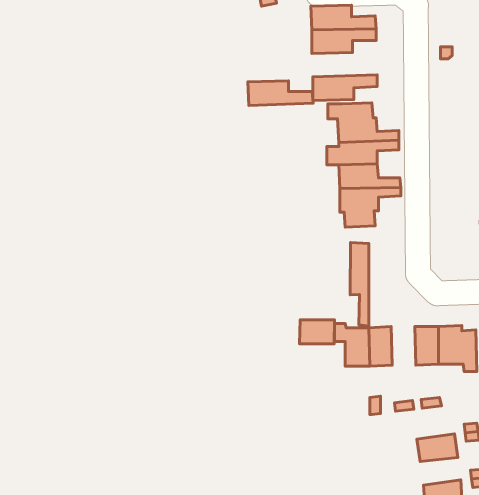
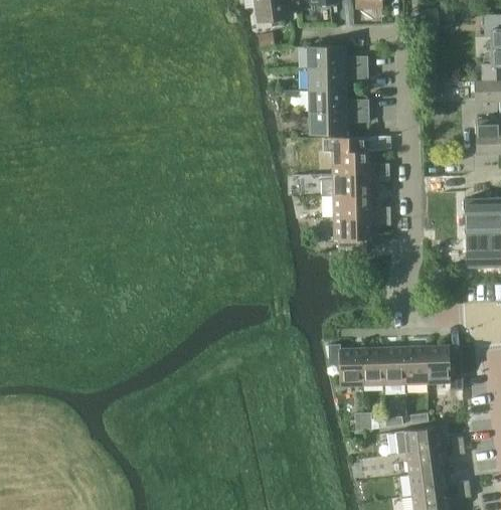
building: [248,81,313,105] -> [308,90,369,113]
building: [350,243,369,326] -> none
building: [300,320,334,344] -> none
building: none -> [382,347,405,383]
building: none -> [395,427,442,454]
building: none -> [409,470,448,496]

